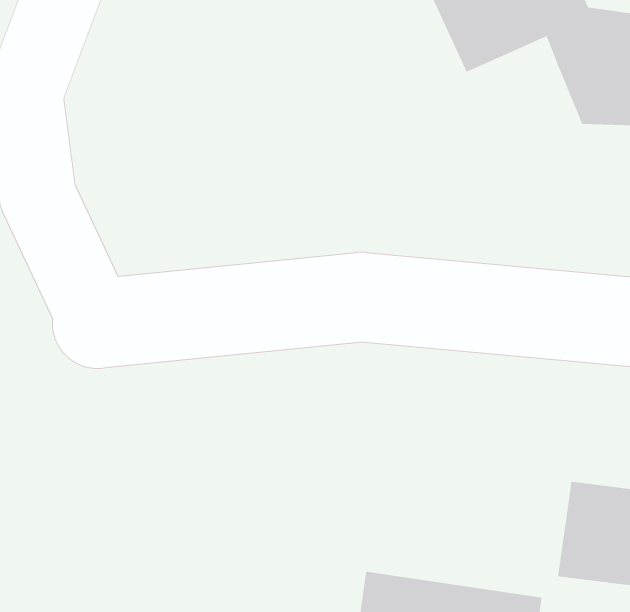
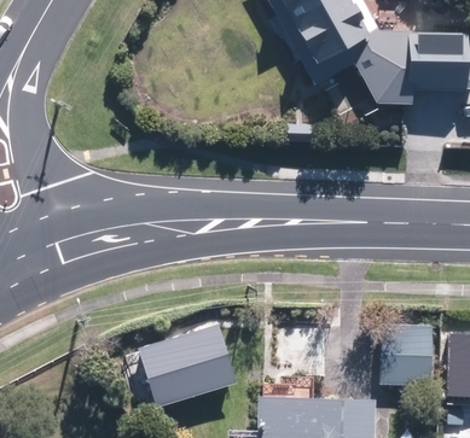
building: none -> [141,322,240,407]

